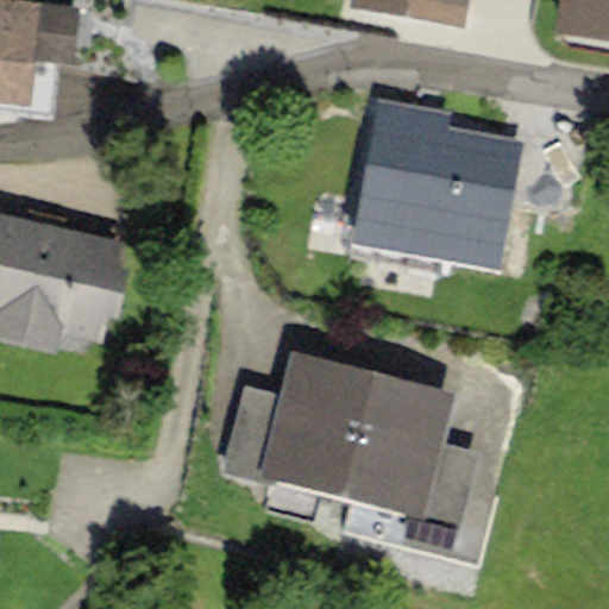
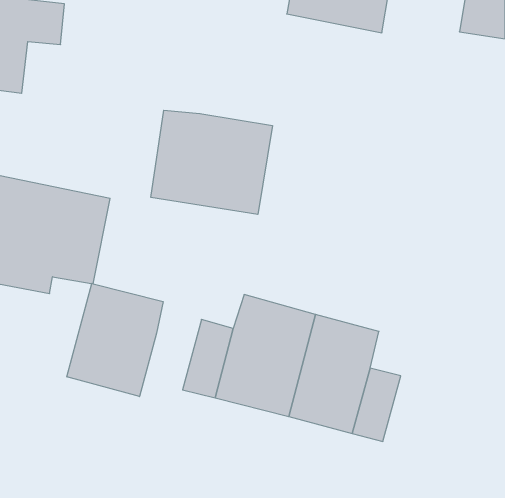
building: [358,99,522,270] -> none
building: none -> [151,110,272,214]
building: none -> [67,283,163,397]

